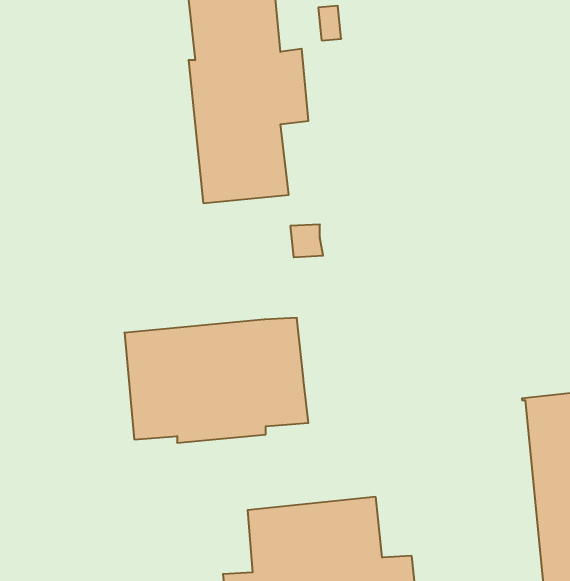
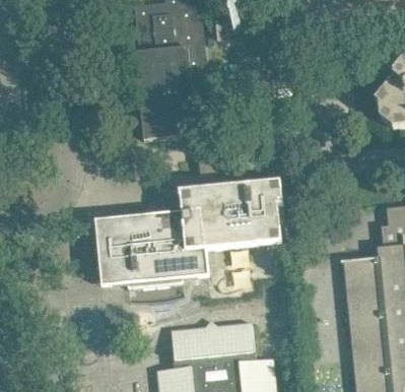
building: none -> [180,181,282,249]

